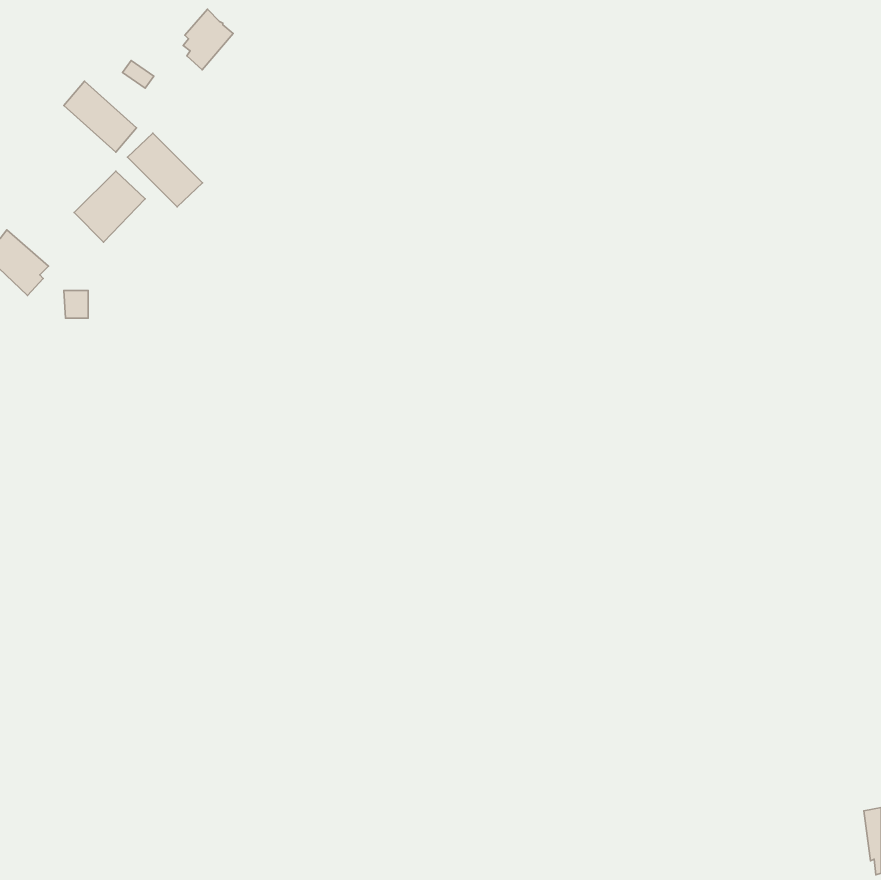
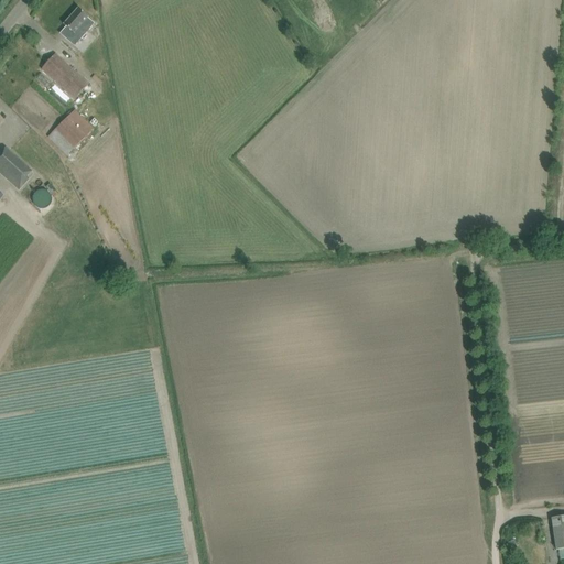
building: [183,9,233,70] -> [62,7,94,45]
building: [127,133,202,207] -> none

